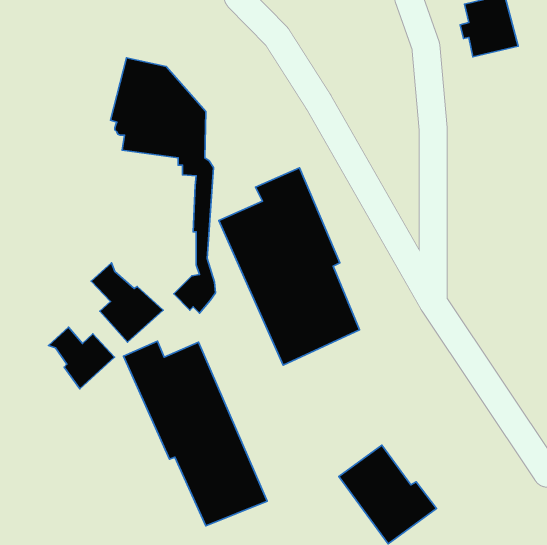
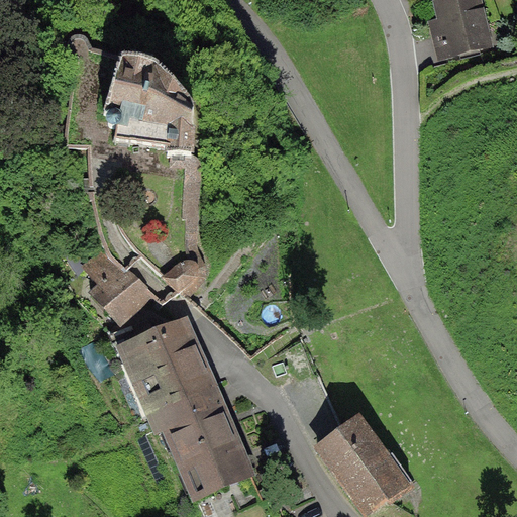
building: [219,168,360,365] -> none
building: [49,327,115,389] -> none

